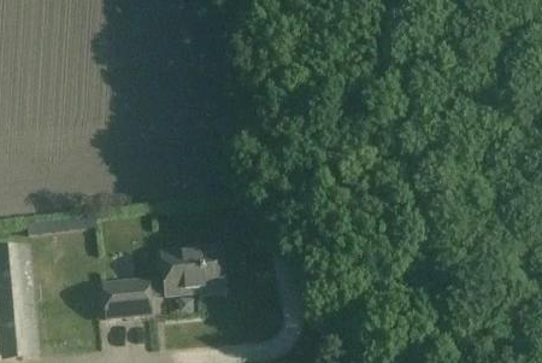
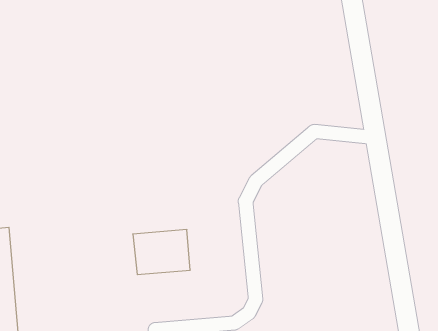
building: [104,276,153,317] -> none

